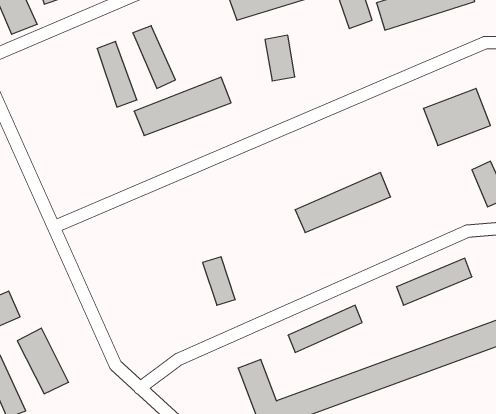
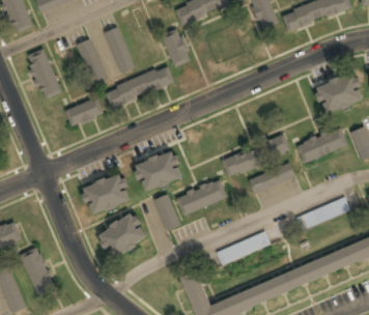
building: [265,35,295,81] -> [165,30,187,63]
building: none -> [26,49,61,98]
building: none -> [64,96,104,128]
building: none -> [296,126,348,162]
building: none -> [134,151,183,192]
building: none -> [248,162,295,194]
building: none -> [82,175,130,214]
building: none -> [175,179,227,216]
building: none -> [97,213,148,258]

